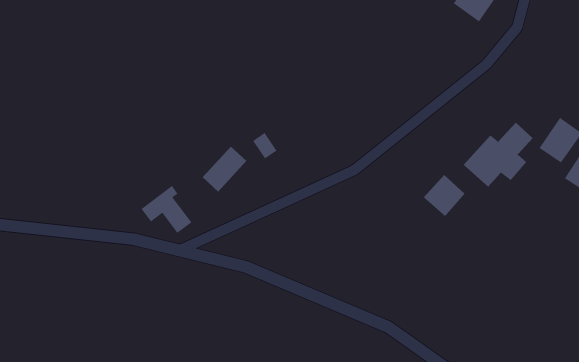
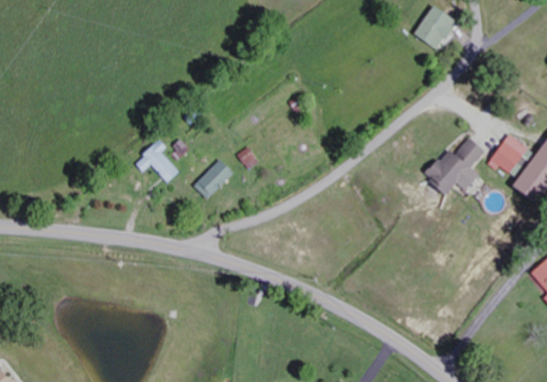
building: [423,174,466,217] -> none
building: [141,185,192,234] -> [135,140,180,183]

